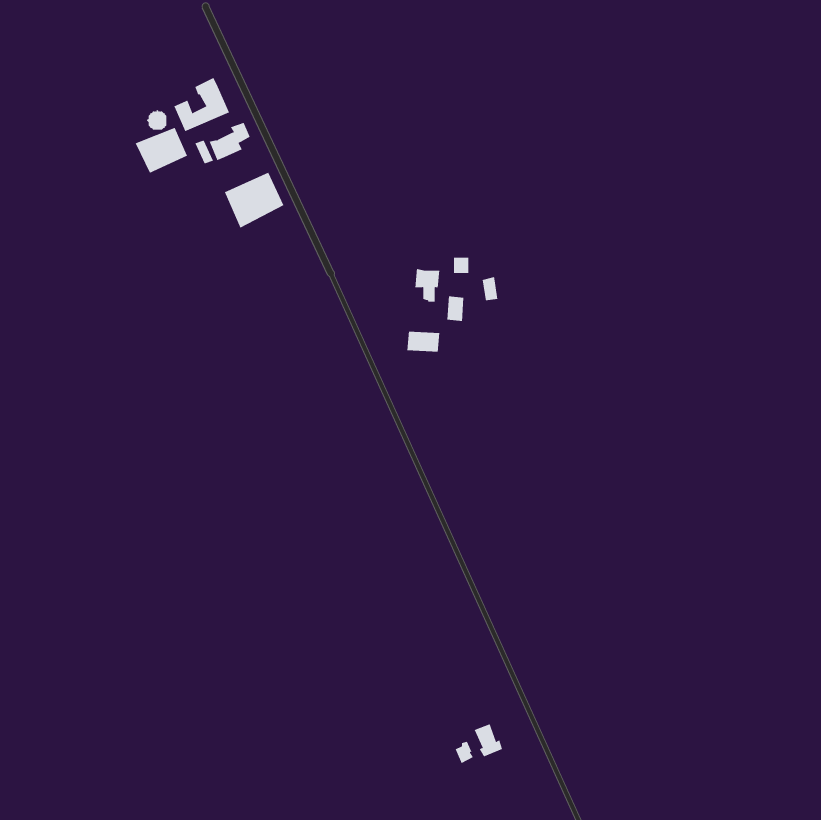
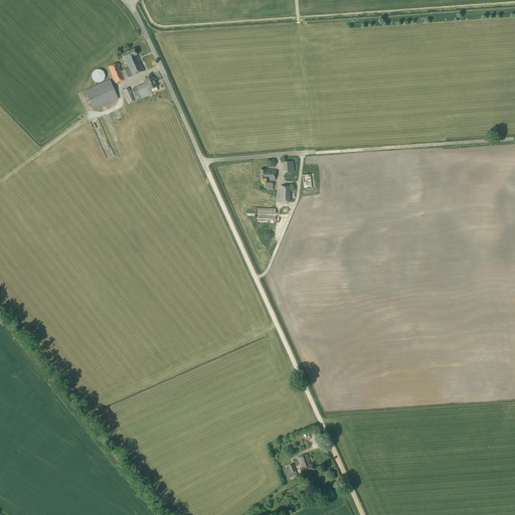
building: [224,172,284,228] -> none

